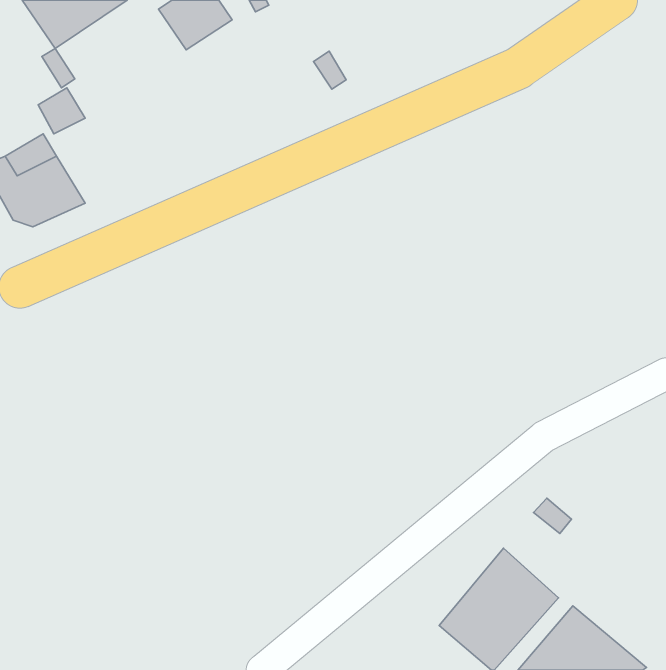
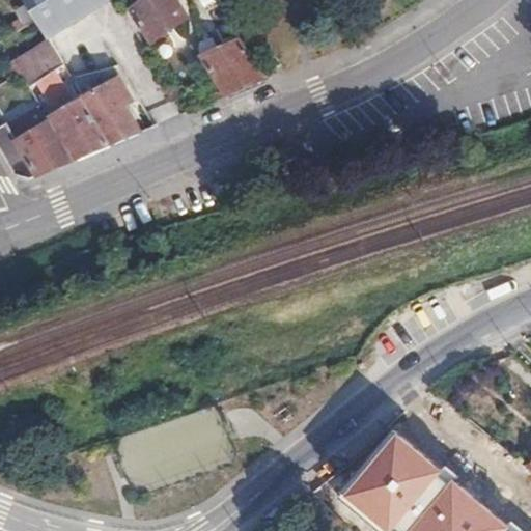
building: none -> [198,39,259,93]
building: none -> [48,78,136,159]

